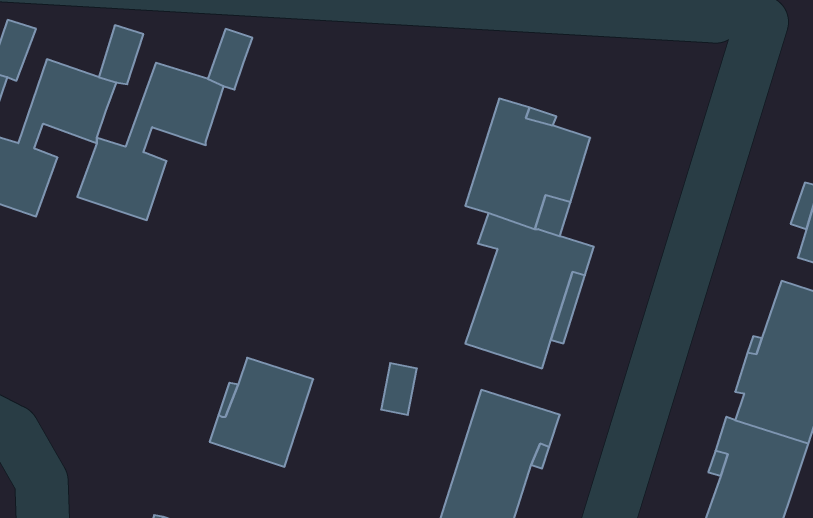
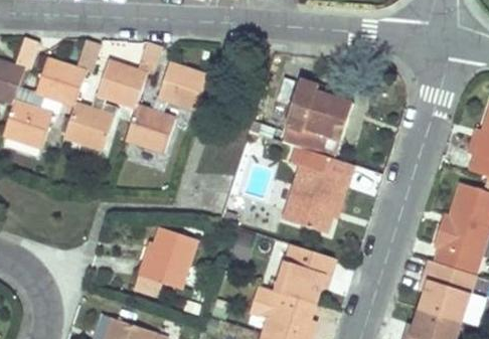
building: none -> [125,63,207,153]

